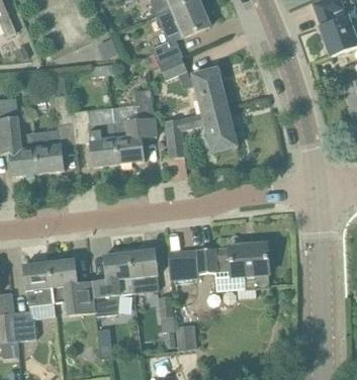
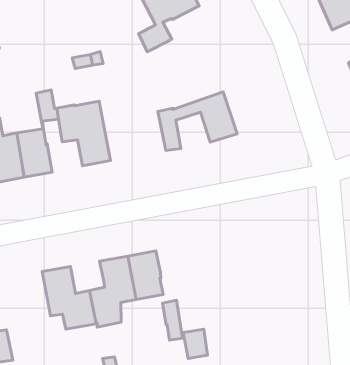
building: [159,57,227,120] -> none
building: [111,89,156,164] -> none
building: [167,245,268,291] -> none
building: [22,262,54,306] -> none
building: [14,310,36,338] -> none

